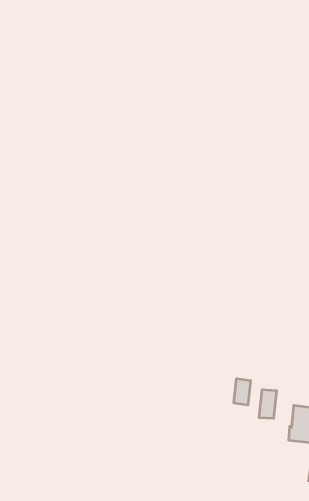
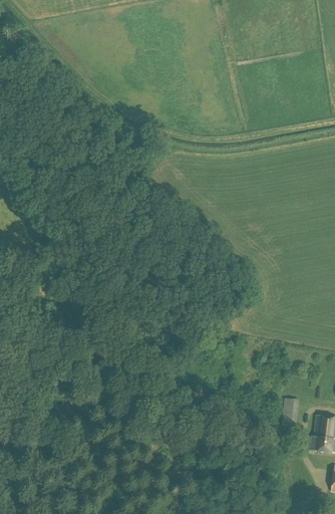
building: [234,379,251,405] -> none

